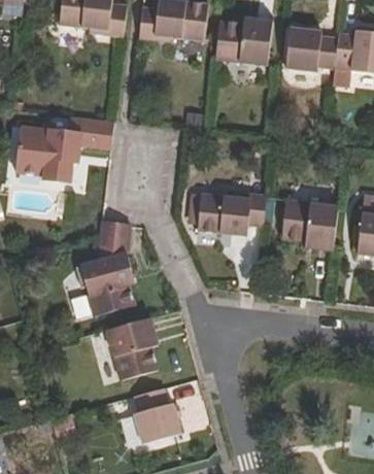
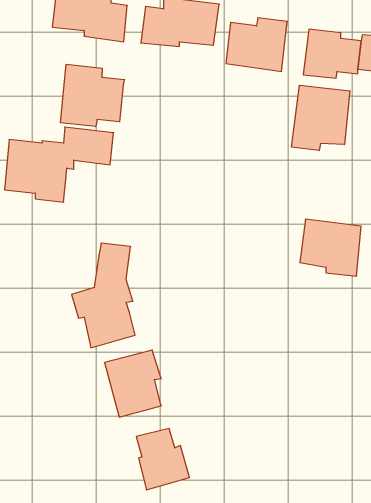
building: none -> [61,64,124,127]
building: none -> [292,85,350,151]
building: [196,191,267,236] -> none

